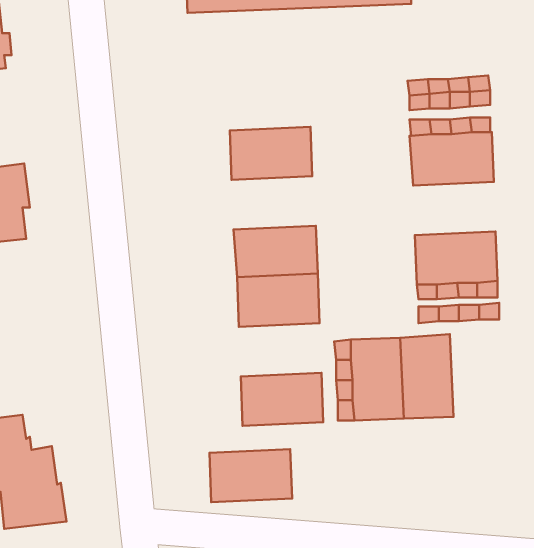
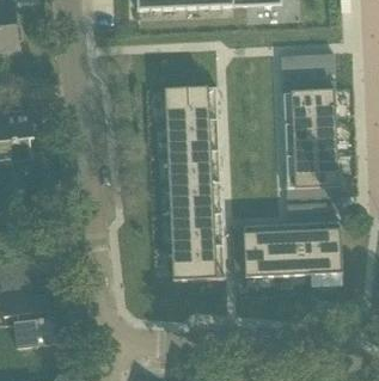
building: none -> [165,118,220,153]
building: none -> [283,122,337,156]
building: none -> [307,220,342,275]
building: [209,449,292,502] -> [170,214,224,248]

